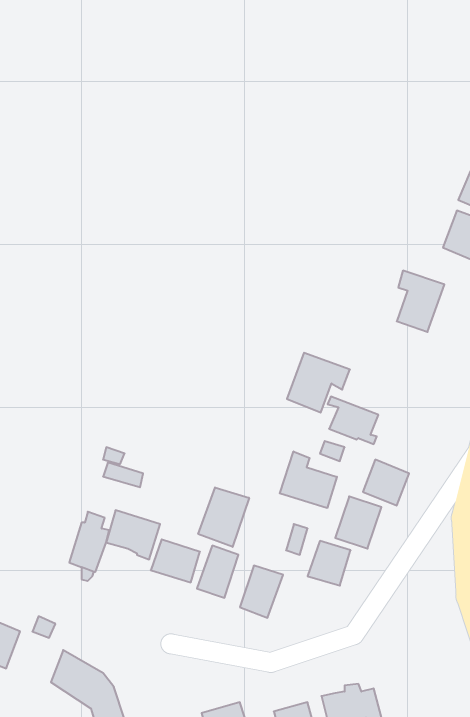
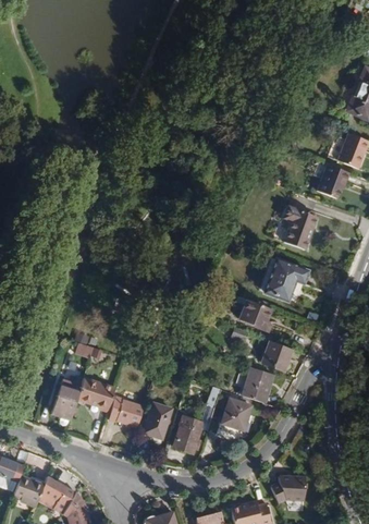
building: [287,353,350,413] -> [262,258,307,301]
building: [280,451,337,508] -> none
building: [198,487,249,547] -> none
building: none -> [12,475,44,507]
building: none -> [270,475,306,503]

